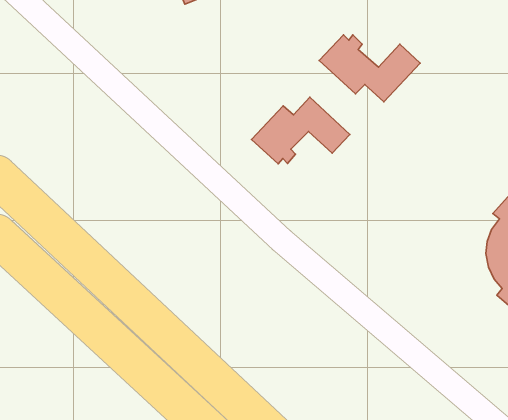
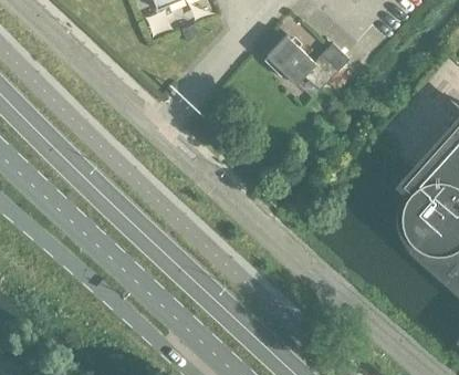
building: [252,97,350,164] -> none

